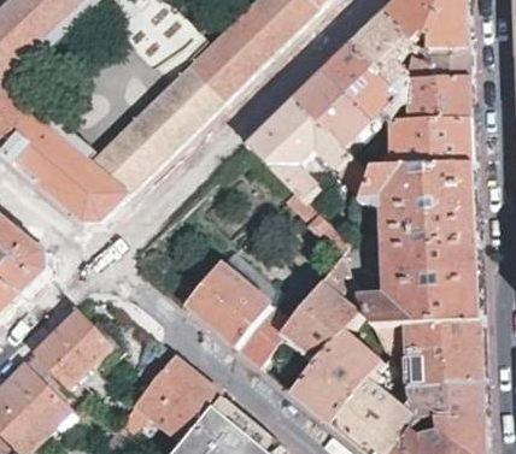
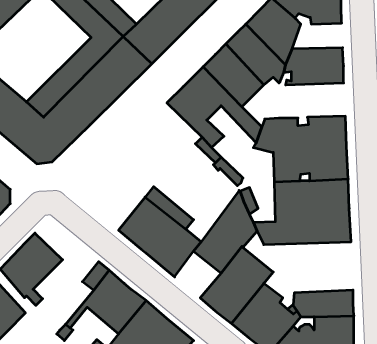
building: [405,43,469,76] -> none
building: [387,119,473,164] -> none
building: [369,320,482,385] -> none

